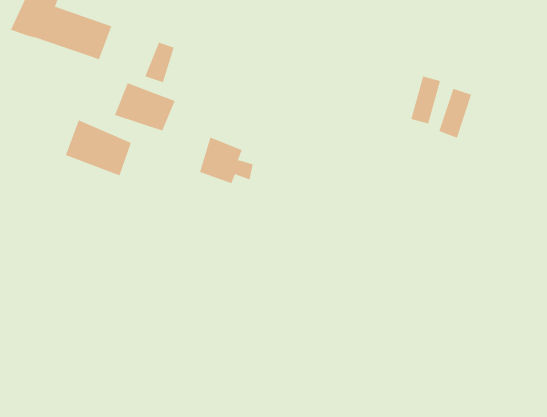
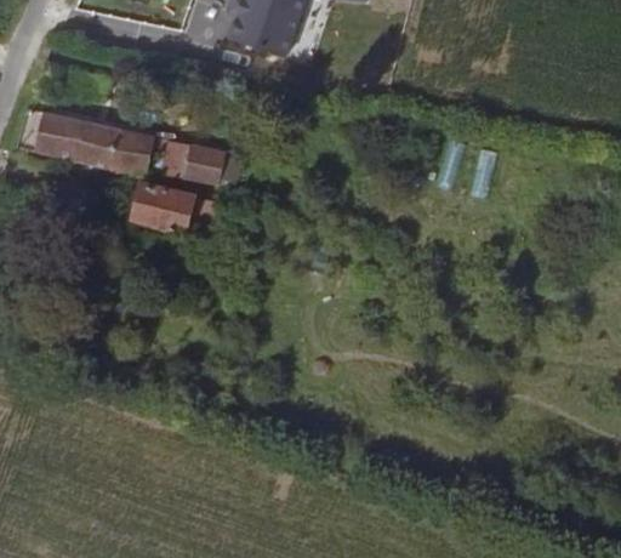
building: none -> [110,130,158,173]
building: [65,119,132,176] -> none
building: [199,137,254,184] -> [180,143,234,188]

